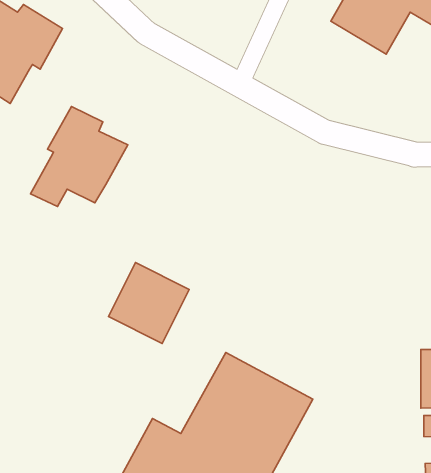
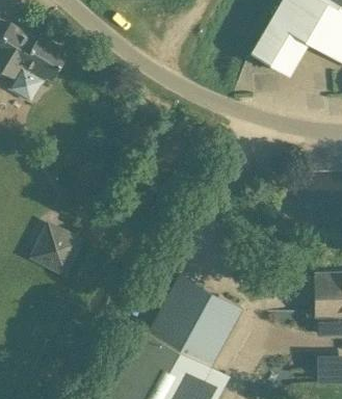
building: [30,106,128,206] -> none
building: [108,262,189,343] -> [29,220,85,276]

